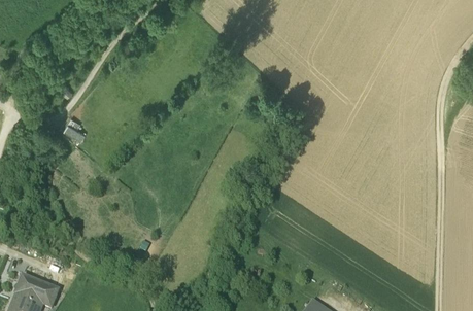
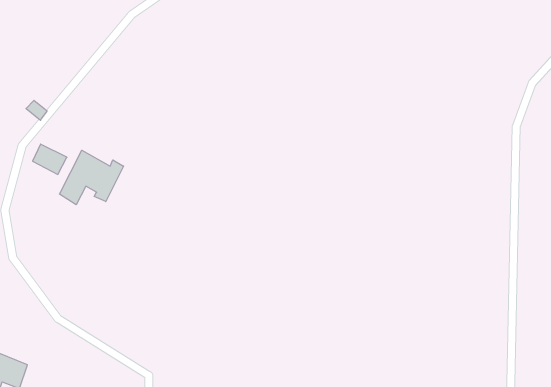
building: none -> [59,150,124,205]

